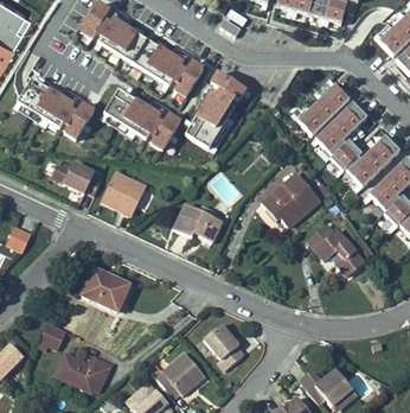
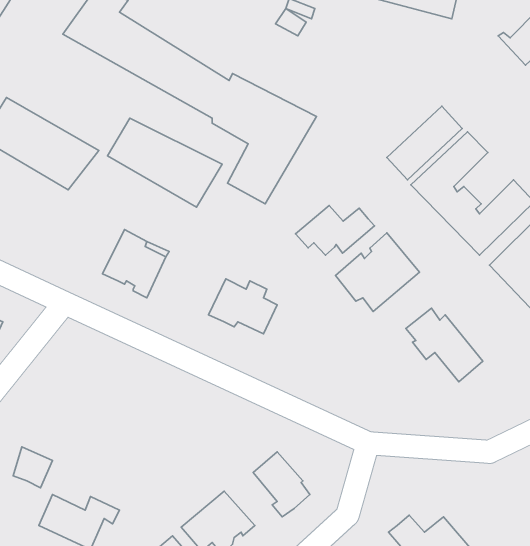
building: none -> [295,205,375,255]
building: [49,163,101,195] -> none
building: [82,268,129,311] -> none

